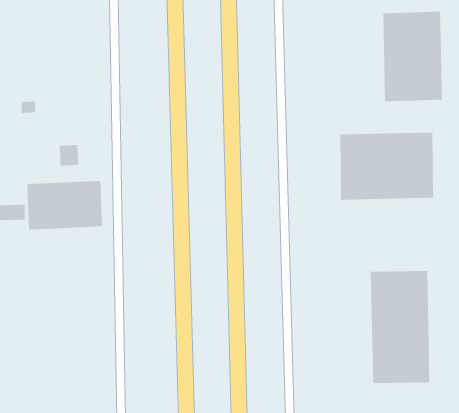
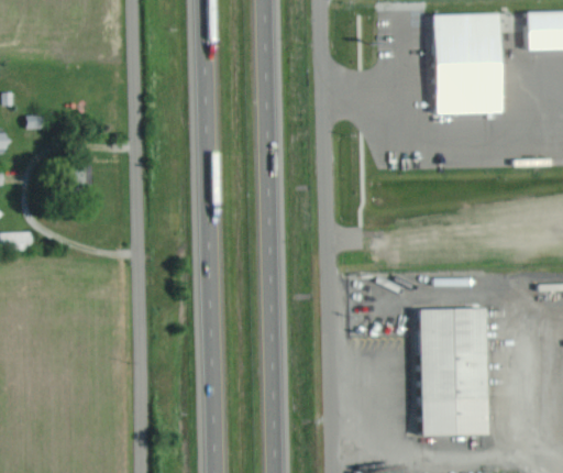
building: [340,132,434,200] -> none
building: [27,180,103,230] -> none

